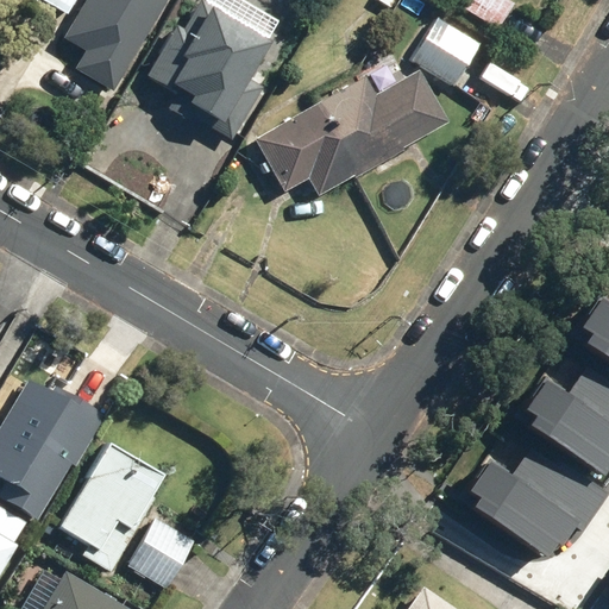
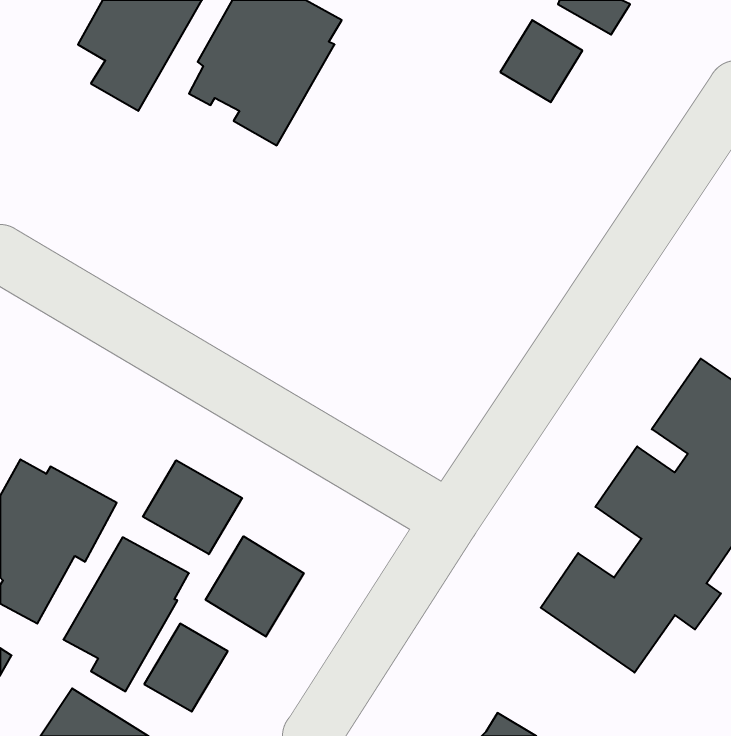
building: [262,69,454,194] -> none
building: none -> [143,460,242,554]
building: none -> [206,536,304,637]

